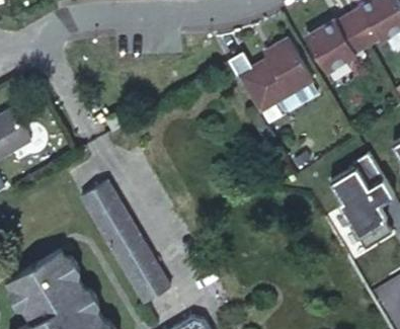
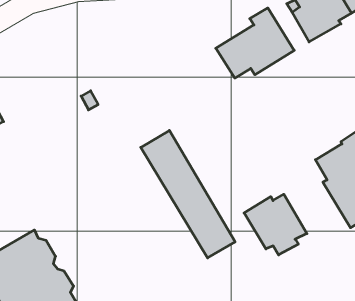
building: [82,178,172,300] -> [141,130,235,258]
building: none -> [244,194,307,255]

